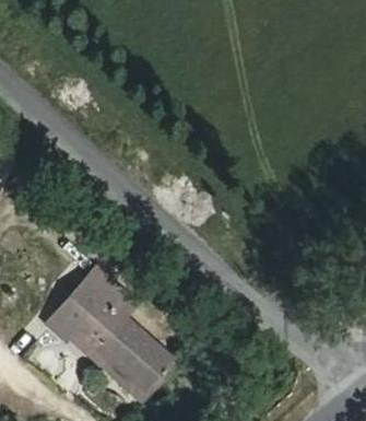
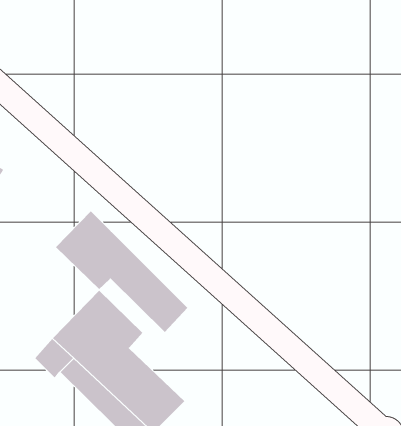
building: none -> [55,211,188,333]

